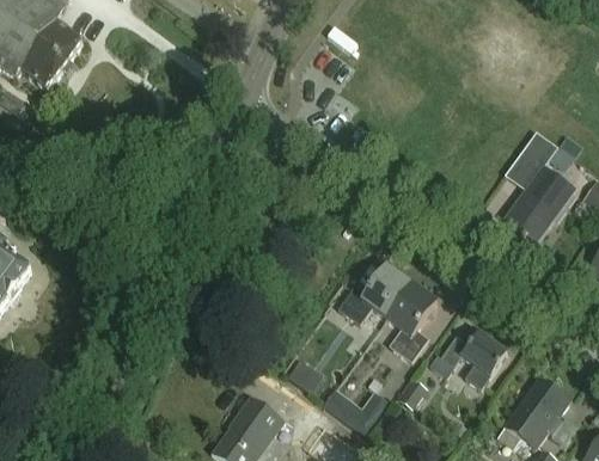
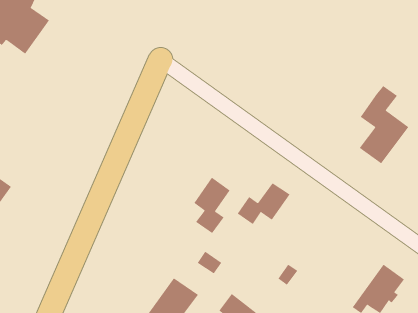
building: [389,282,440,361] -> [193,177,231,234]
building: [433,331,511,388] -> none
building: [320,387,389,437] -> none

